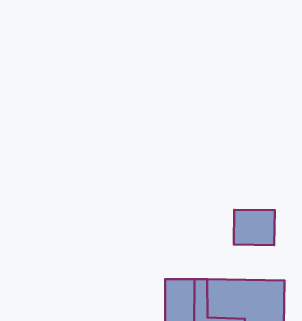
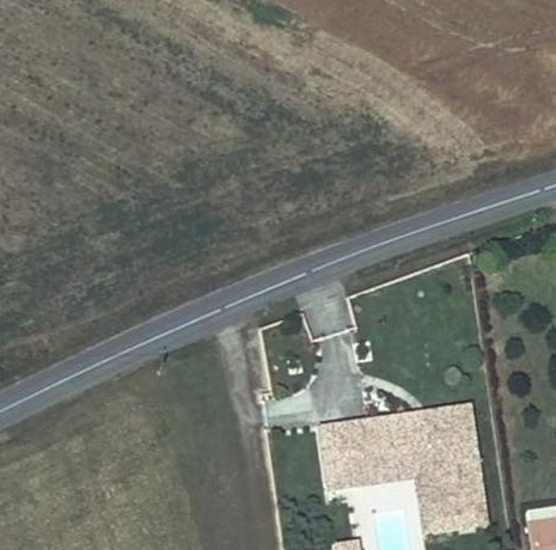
building: [234,210,275,245] -> none

